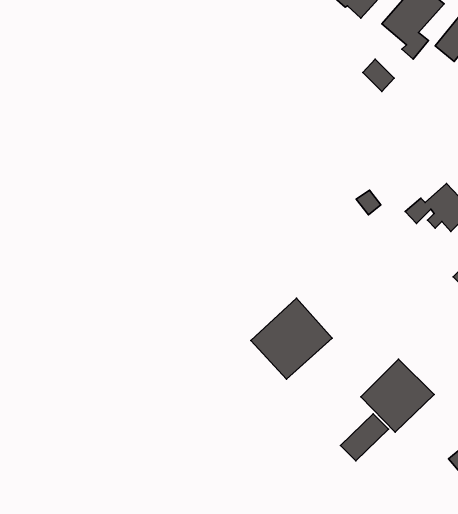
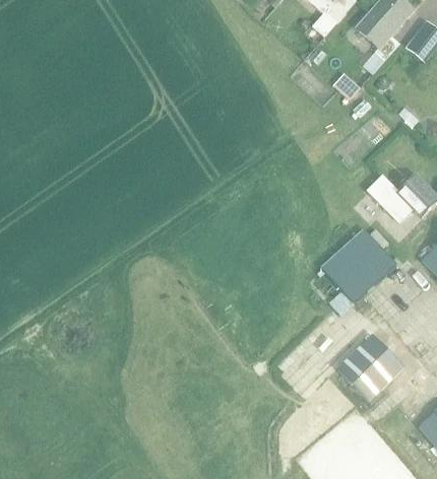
building: [251,298,332,379] -> [321,228,395,302]
building: [340,414,388,461] -> none

